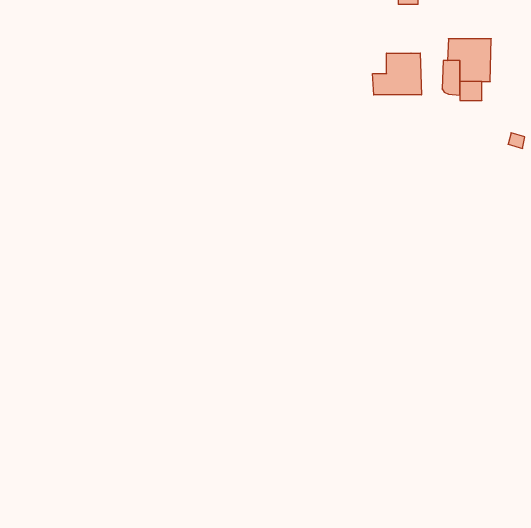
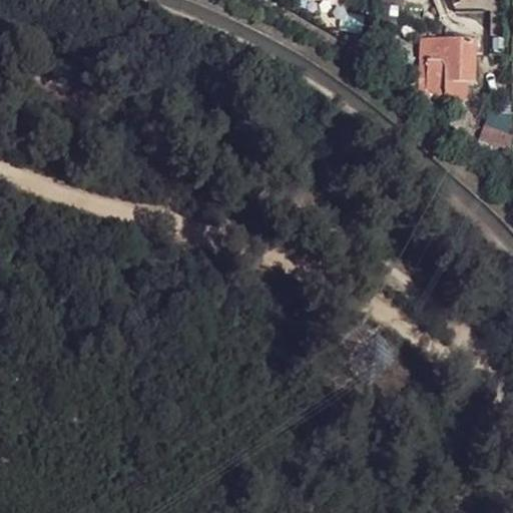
building: [373,53,421,95] -> none

